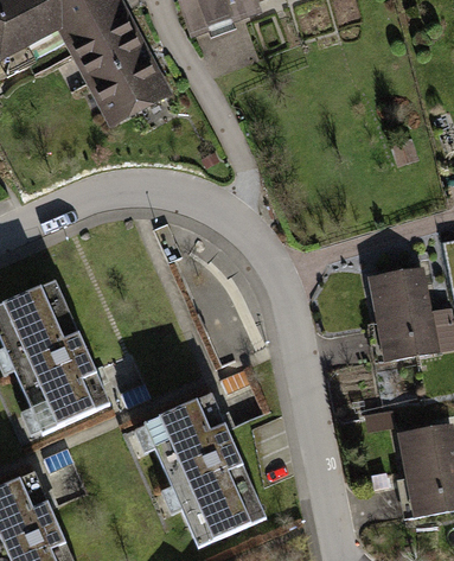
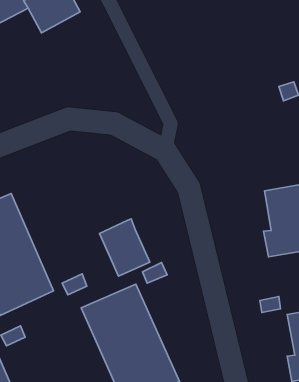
building: [94,53,164,121] -> none
building: none -> [99,219,150,276]

